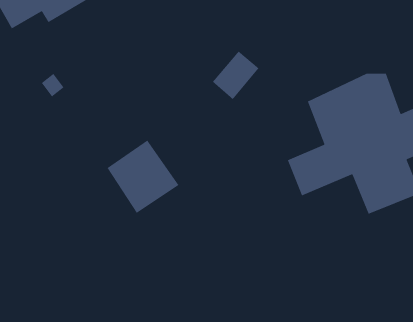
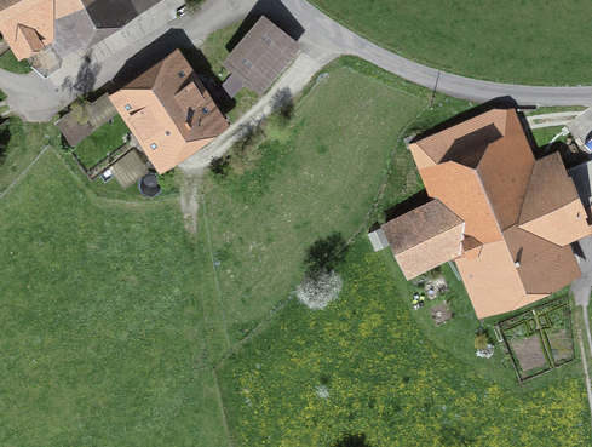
building: [212,51,259,100] -> [231,24,294,90]
building: [106,140,180,214] -> [121,62,218,160]

